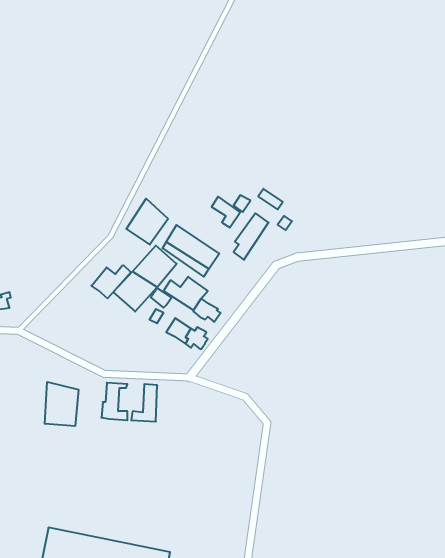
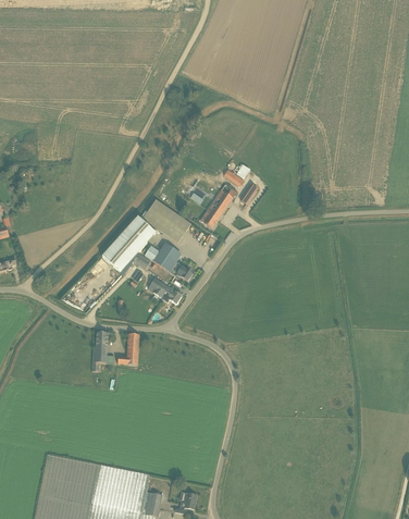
building: [126,199,168,245] -> none
building: [91,265,131,298] -> none
building: [45,382,78,426] -> none

